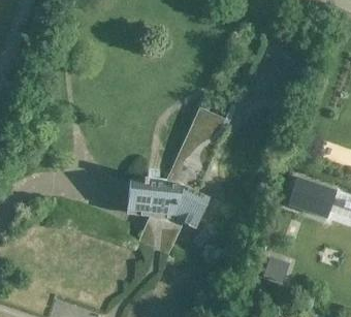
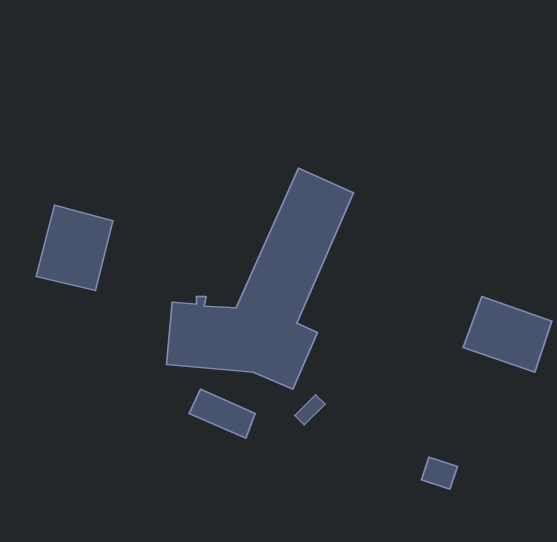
building: none -> [36,205,113,291]

